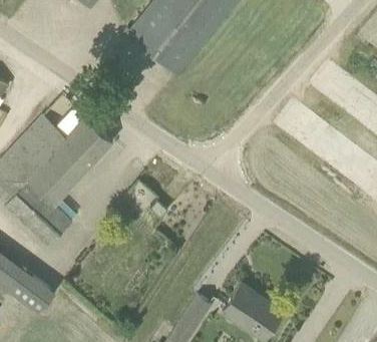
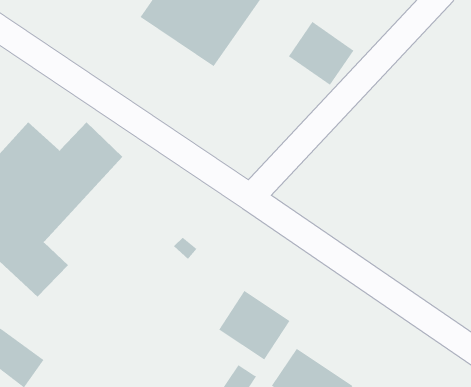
building: none -> [288,21,355,86]
building: none -> [218,290,291,361]

